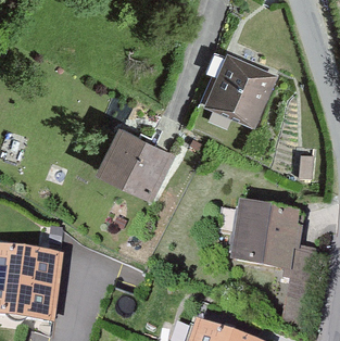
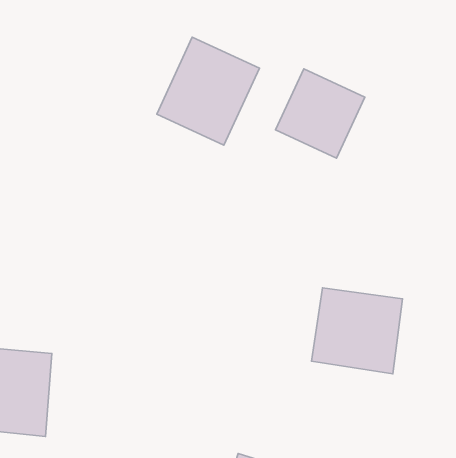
building: none -> [157,37,259,145]
building: [104,132,163,191] -> none

